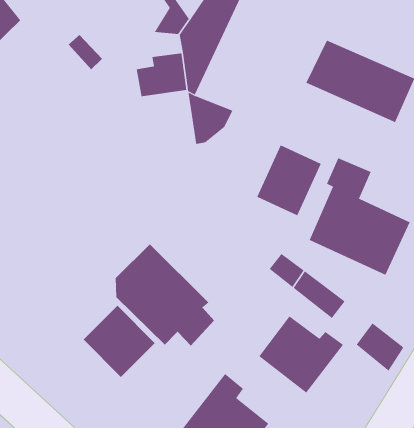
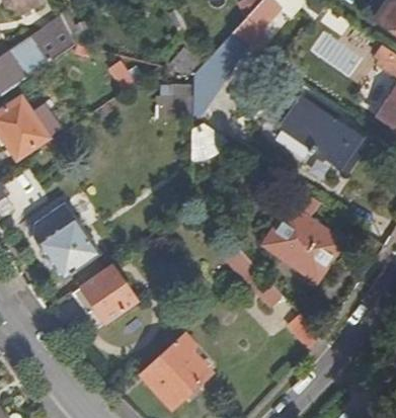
building: [256,145,322,216] -> none
building: [115,244,215,346] -> [32,202,103,284]
building: [259,315,344,393] -> none

